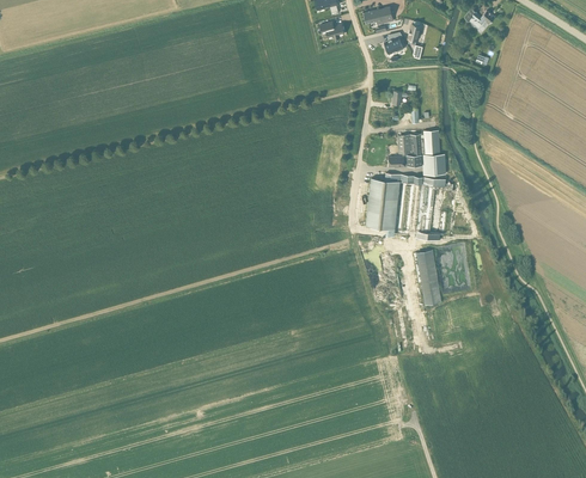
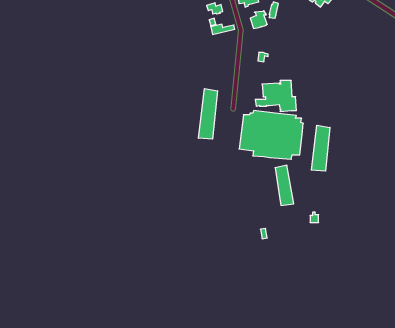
building: none -> [199,89,217,139]
building: none -> [311,125,330,171]

